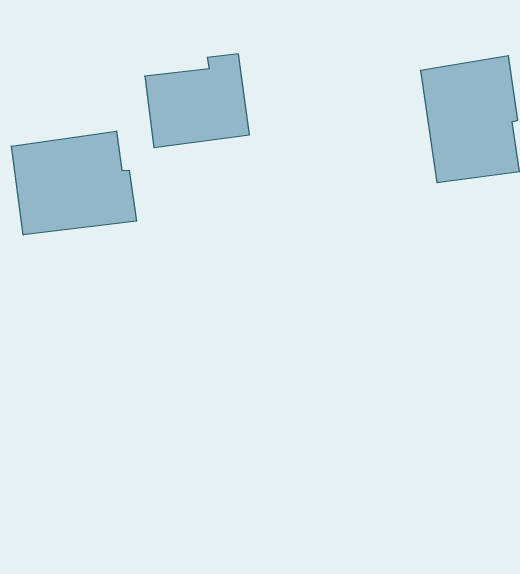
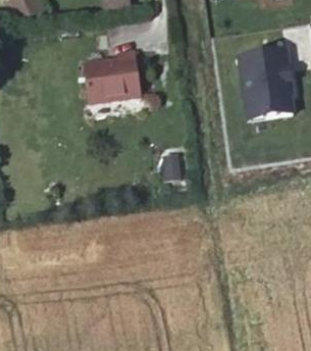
building: [11,131,137,235] -> none

